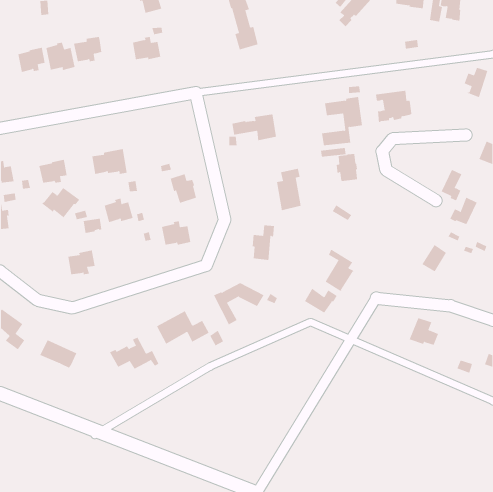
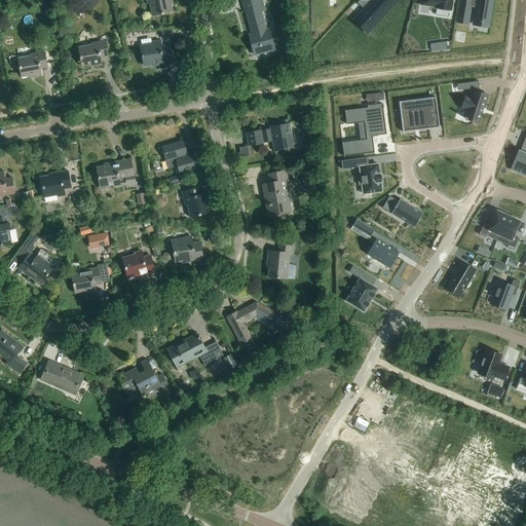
building: [46,42,75,71] -> none
building: [464,67,488,98] -> [461,89,487,122]
building: none -> [162,140,205,173]
building: [276,168,301,211] -> [263,168,290,214]
building: [441,169,462,201] -> [497,216,520,250]
building: none -> [381,195,423,227]
building: [42,187,80,218] -> [18,250,60,283]
building: [104,198,134,223] -> [123,250,155,276]
building: none -> [368,237,400,266]
building: none -> [491,278,520,308]
building: [304,288,337,313] -> none
building: [409,317,439,345] -> [478,349,510,379]

